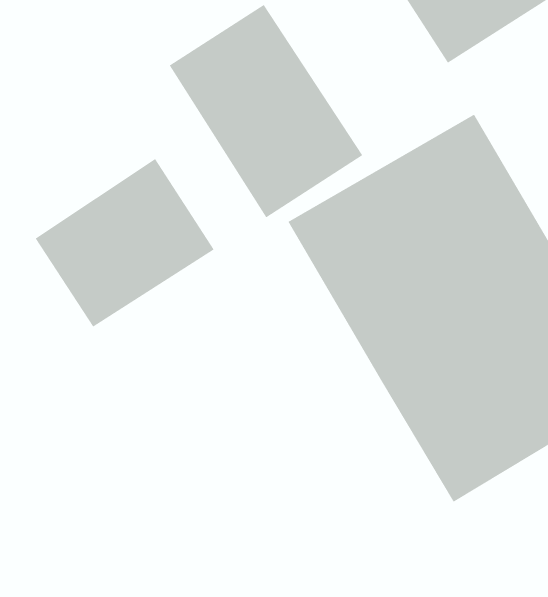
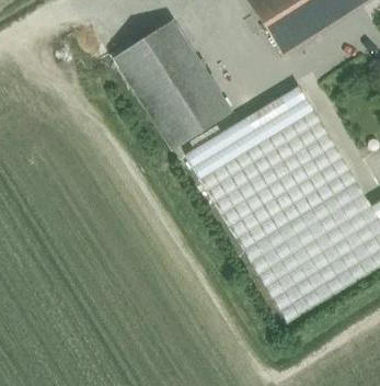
building: [35,158,214,327] -> none

